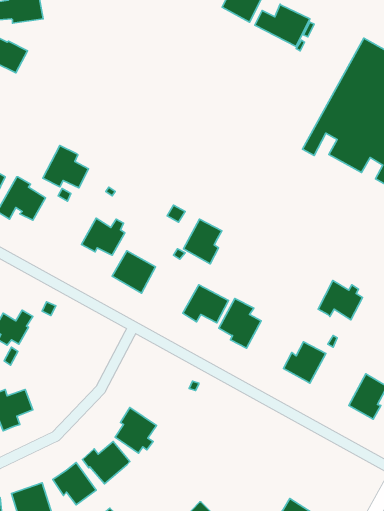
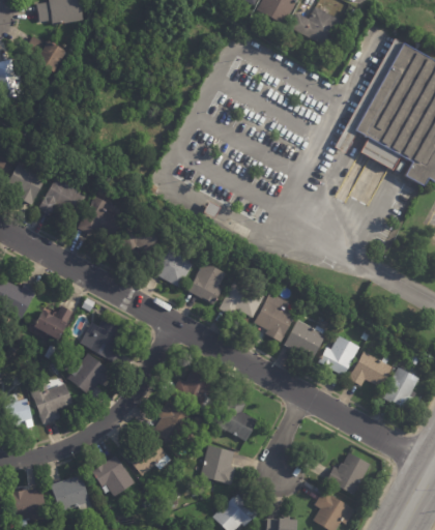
building: [43,145,88,188] -> [78,197,122,238]
building: [184,219,222,264] -> [187,262,225,305]
building: [318,281,363,320] -> [349,351,393,389]
building: none -> [81,316,124,363]
building: none -> [284,320,326,360]
building: none -> [65,352,112,393]
building: none -> [172,369,213,410]
building: none -> [219,398,258,441]
building: none -> [202,444,235,482]
building: none -> [328,452,371,494]

